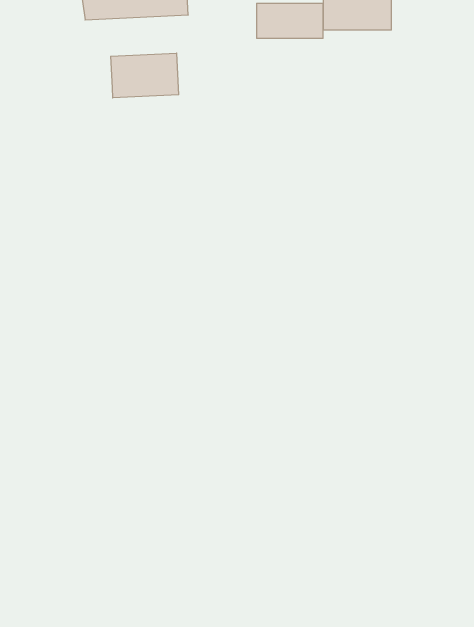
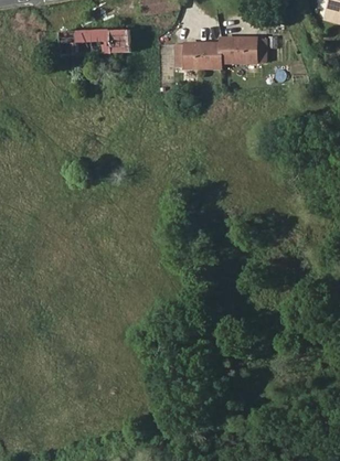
building: [111,53,179,98] -> none

